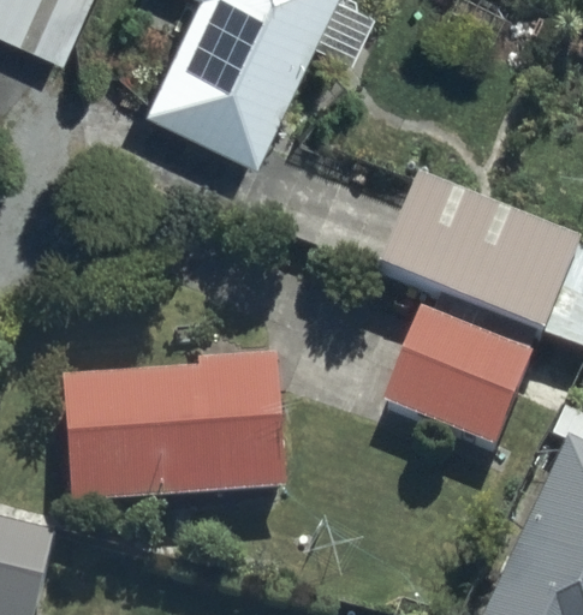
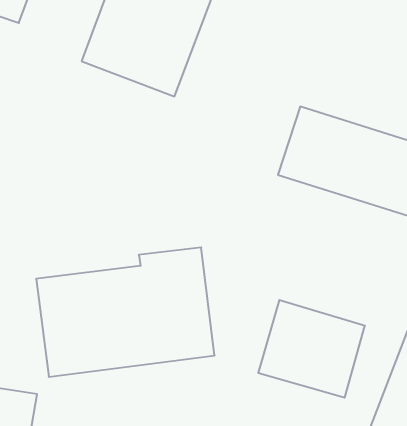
building: [393,311,537,444] -> [258,300,365,398]

